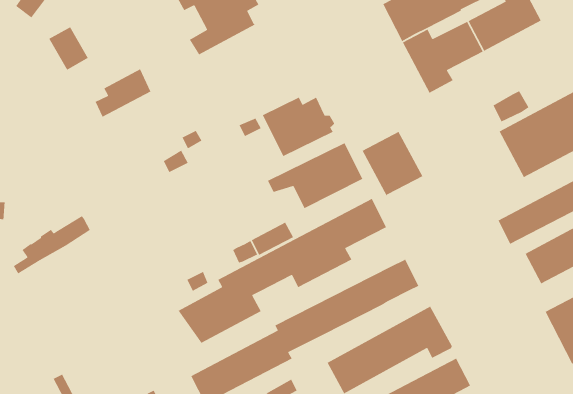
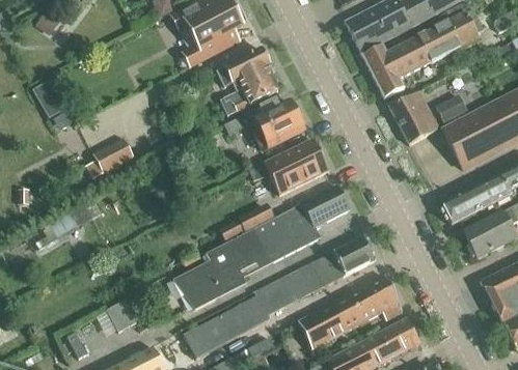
building: [48,26,89,71] -> [33,78,67,115]
building: none -> [217,48,279,114]
building: [95,68,152,118] -> [88,137,136,178]
building: [361,131,423,196] -> [389,89,441,144]
building: none -> [108,300,139,333]

